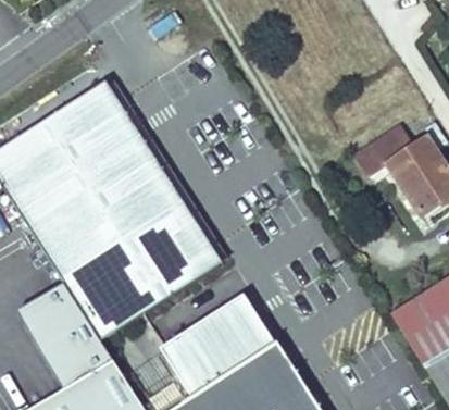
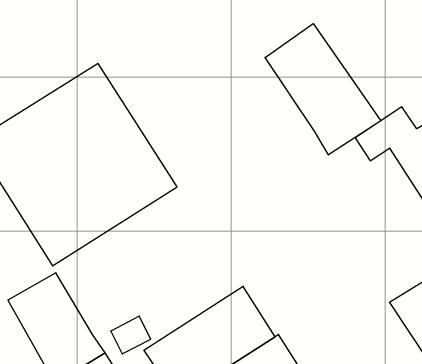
building: none -> [265,24,381,155]
building: [65,202,224,343] -> none

